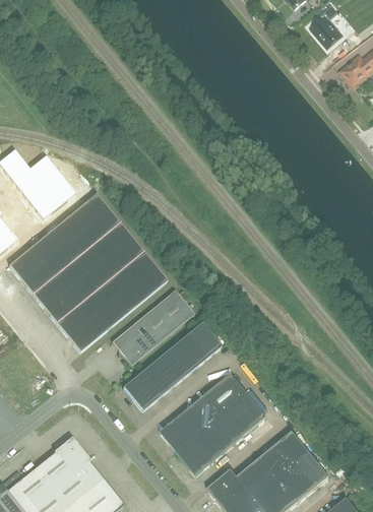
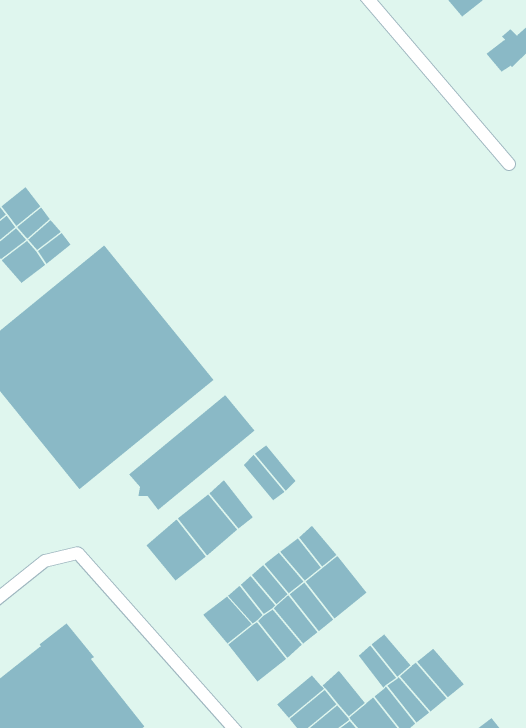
building: [174,335,205,369] -> none
building: [277,432,309,464] -> none
building: [248,458,276,489] -> none

